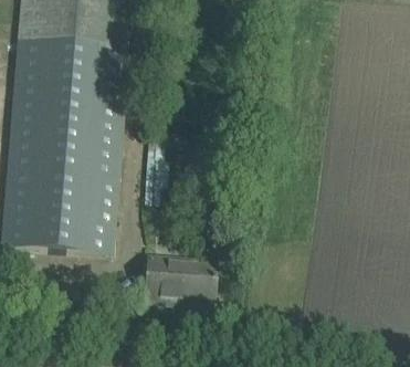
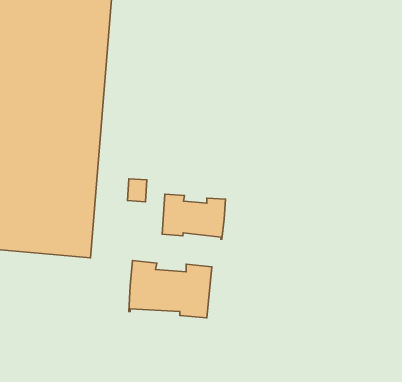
building: none -> [162,194,225,239]

